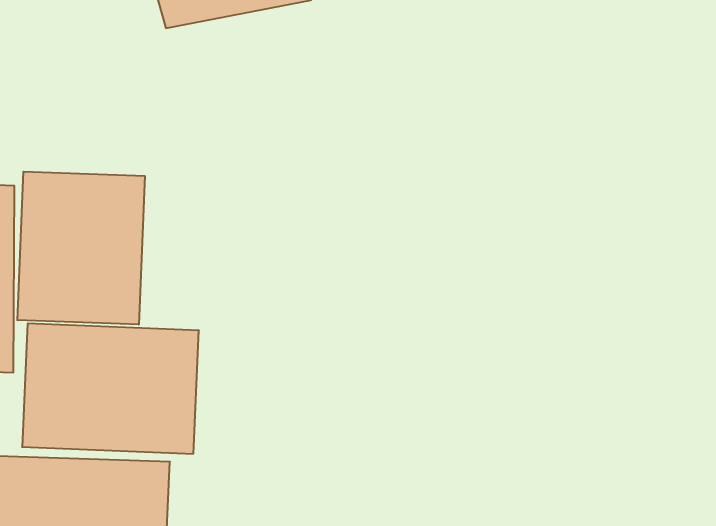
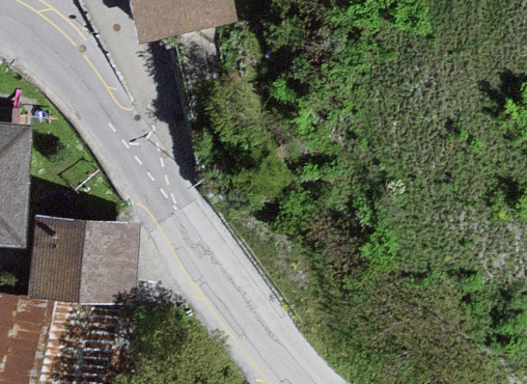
building: [17,172,145,325] -> none

